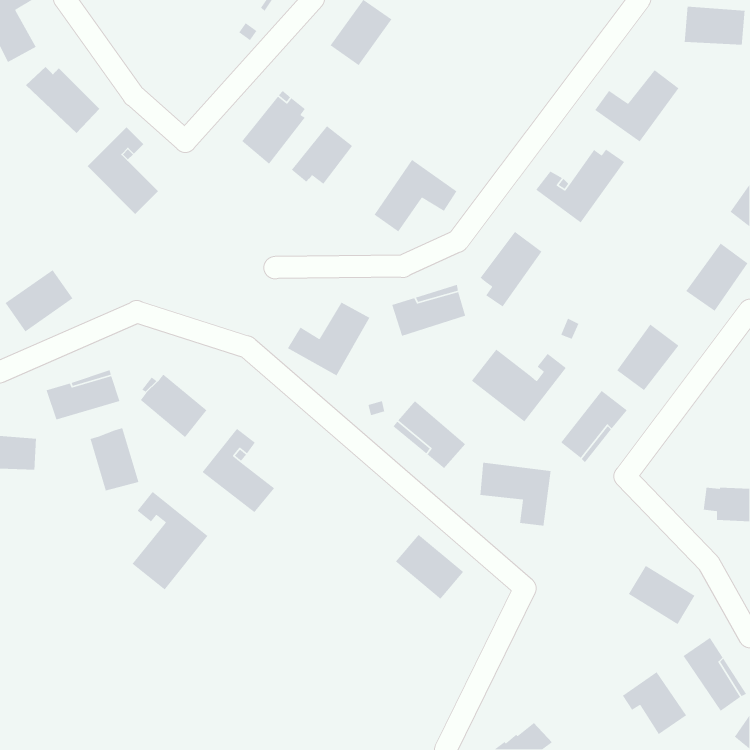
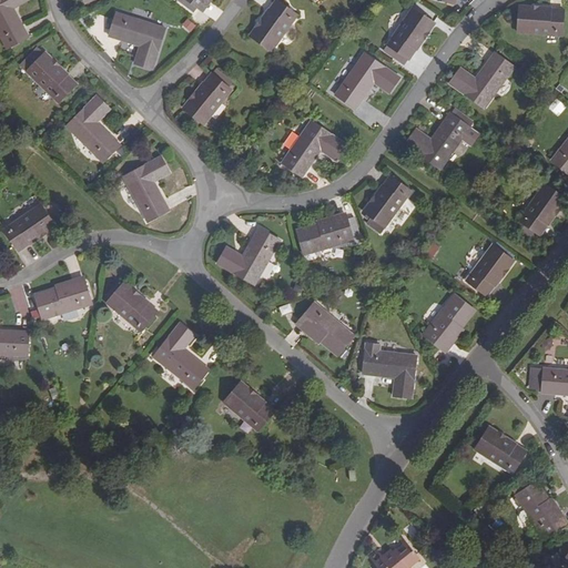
building: none -> [386,8,433,59]
building: none -> [109,12,164,68]
building: none -> [334,52,398,109]
building: [291,125,353,185] -> none
building: none -> [122,155,168,221]
building: [471,348,567,422] -> none
building: [89,427,139,492] -> none
building: [132,491,209,591] -> none
building: [395,534,464,600] -> [222,381,274,430]
building: [622,671,687,735] -> none

